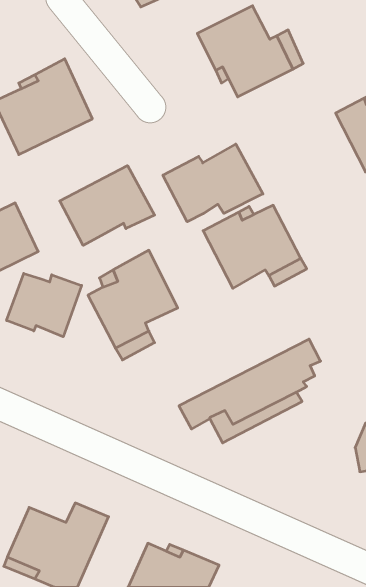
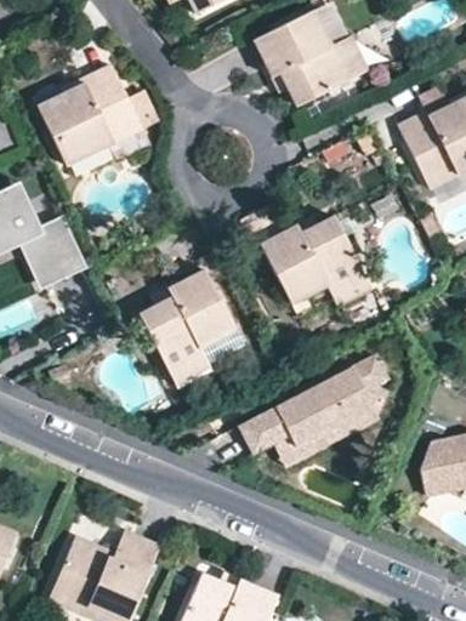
building: [163,144,263,222] -> none
building: [60,166,155,245] -> none
building: [7,273,82,337] -> none

